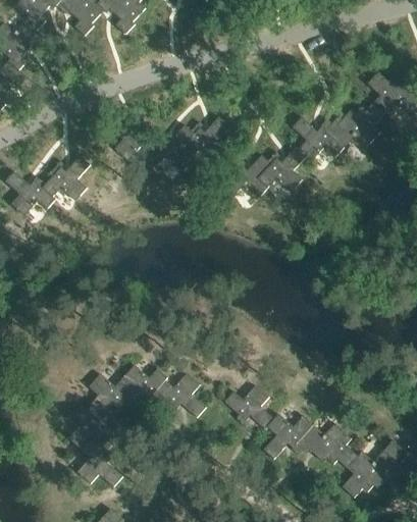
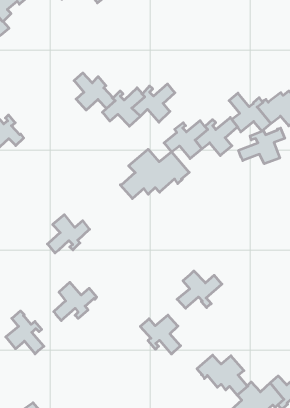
building: none -> [239,128,285,164]
building: [43,155,91,201] -> none
building: none -> [120,149,189,199]
building: [86,371,133,417] -> [47,215,90,253]
building: [156,371,207,416] -> none
building: [262,414,312,459] -> [177,271,222,308]
building: [77,437,123,484] -> none

